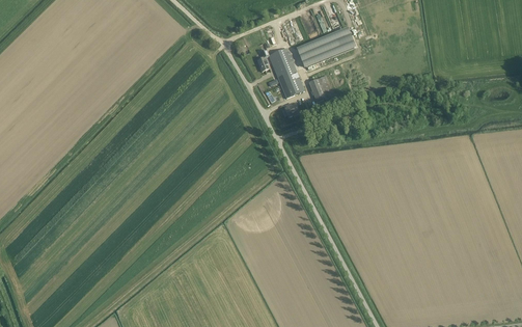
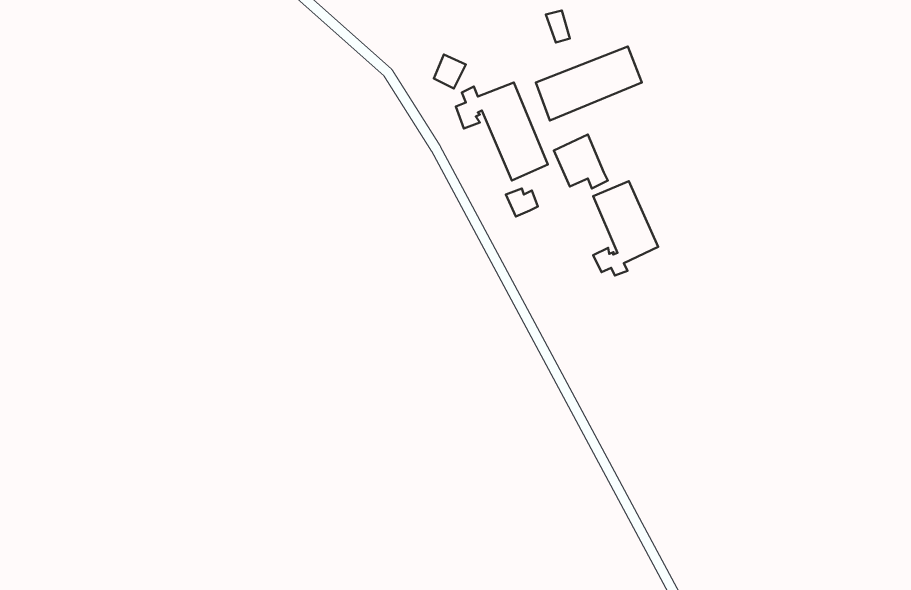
building: none -> [593,181,658,276]

